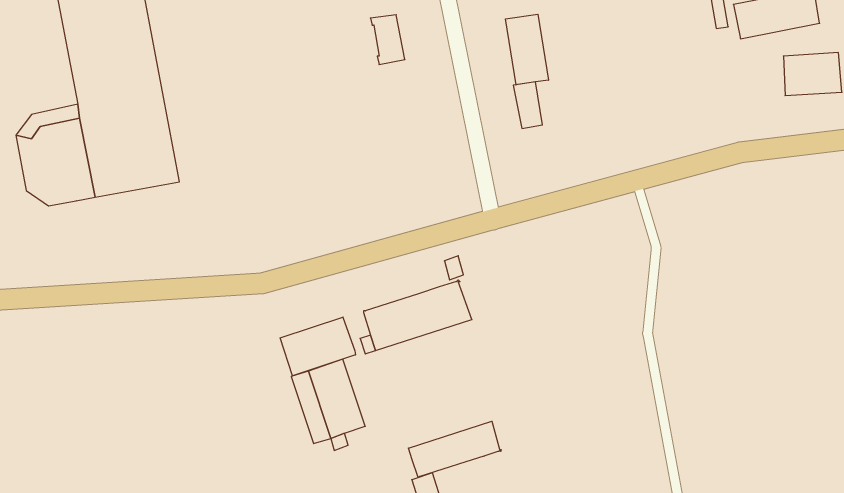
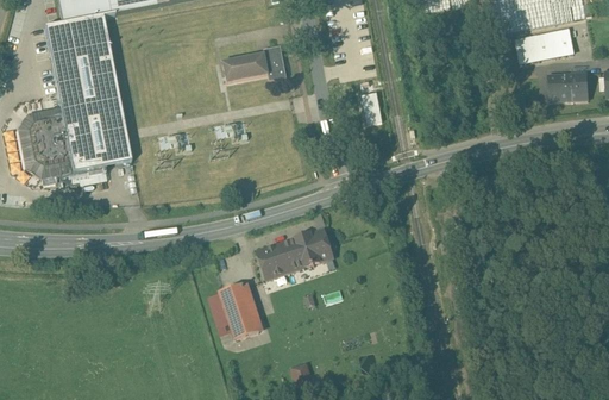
building: [506,14,548,85] -> none
building: none -> [222,51,269,81]
building: [280,317,355,376] -> none
building: [408,421,501,477] -> none

